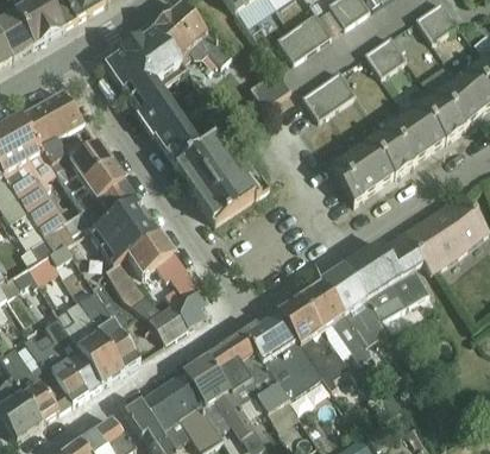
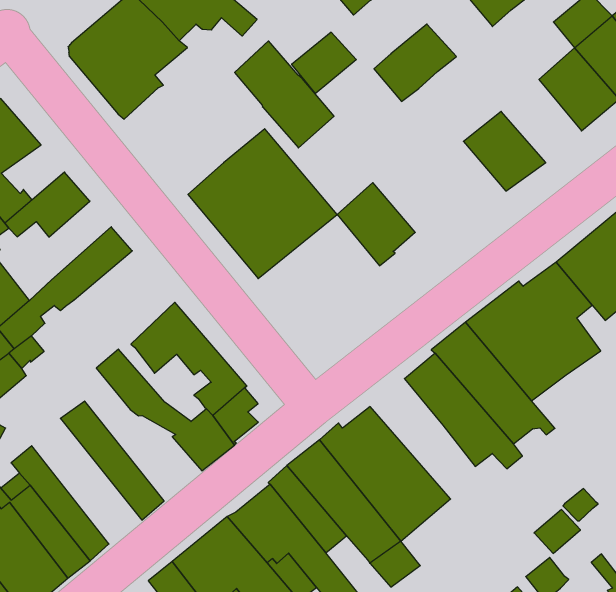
building: [139,94,200,164] -> [235,41,334,148]
building: [381,114,431,168] -> none
building: [329,149,378,202] -> [337,183,415,266]
building: [76,162,124,209] -> none
building: [89,196,159,263] -> none
building: [277,296,346,397] -> none
building: [57,298,124,382] -> none

